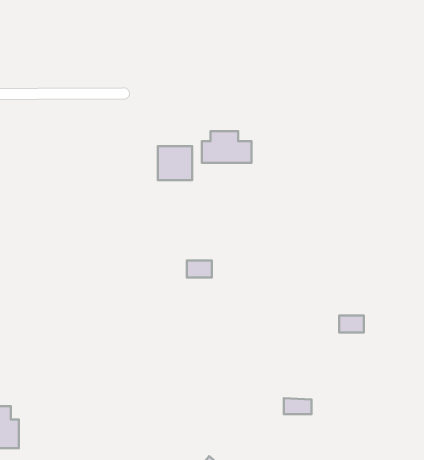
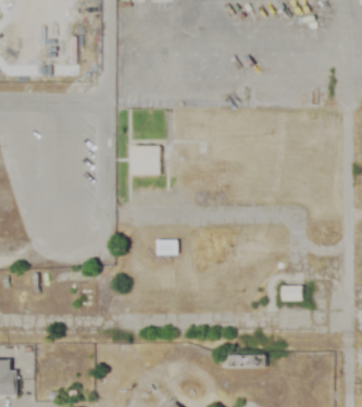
building: [202,131,251,163] -> none

